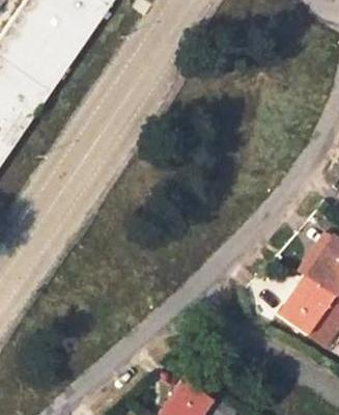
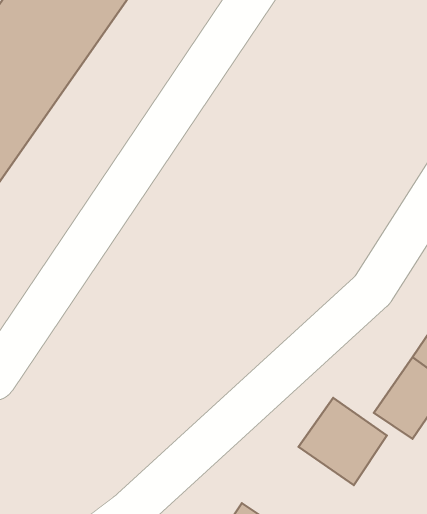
building: none -> [298,398,387,485]

